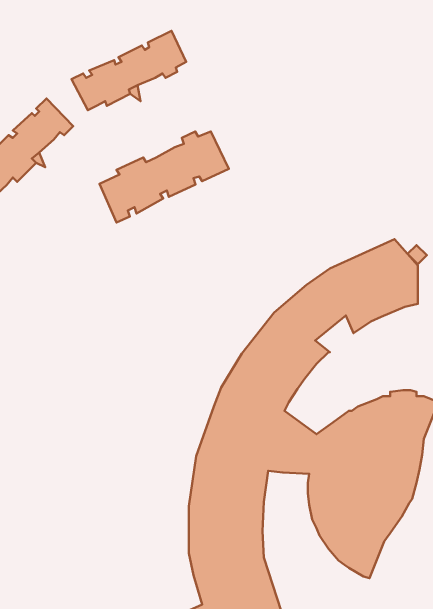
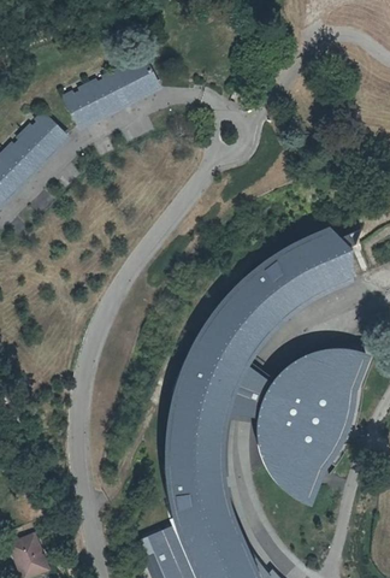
building: [99,131,229,223] -> none

